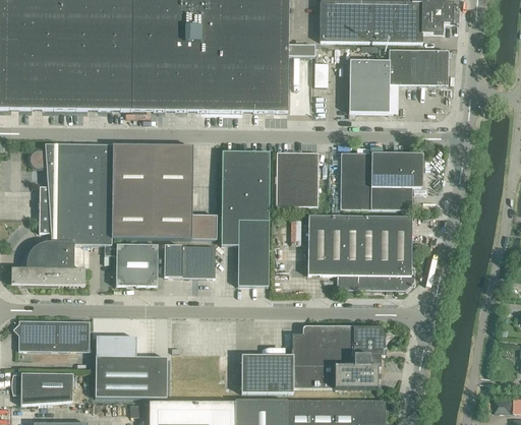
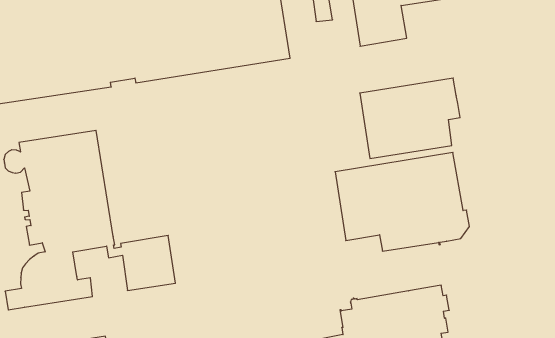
building: [111,144,217,238] -> none
building: [221,150,269,286] -> none
building: [276,151,317,205] -> none
building: [164,245,215,277] -> none

